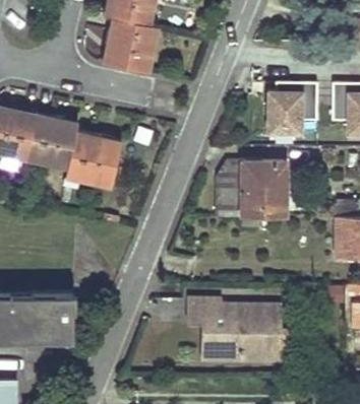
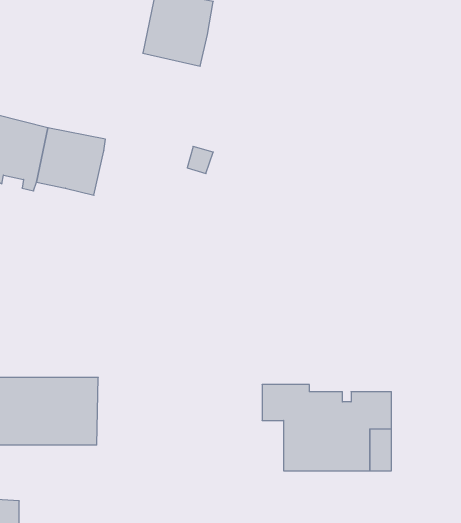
building: [266,83,316,134] -> none
building: [68,133,122,183] -> none
building: [217,162,284,216] -> none

